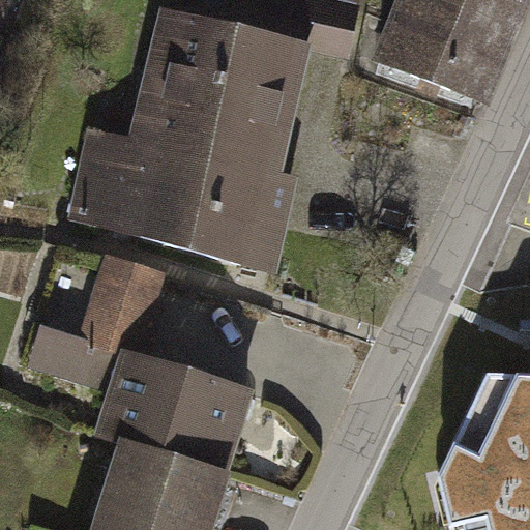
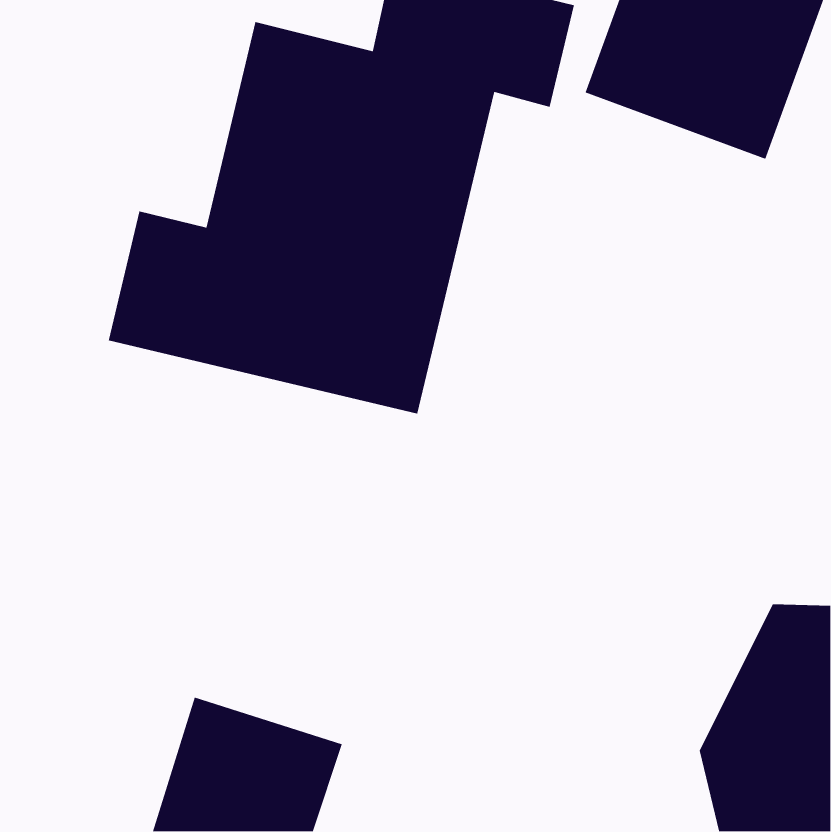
building: [29,271,241,472] -> none

